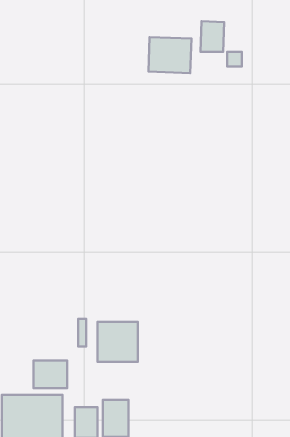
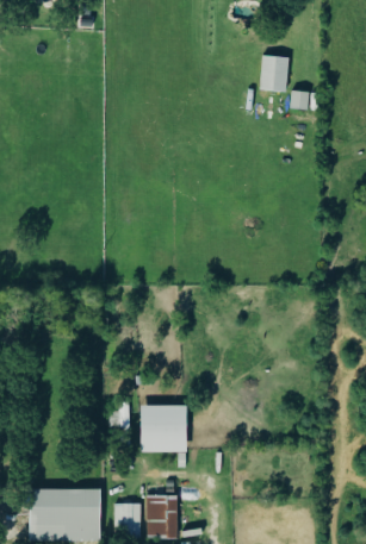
building: [148,37,191,73] -> none
building: [34,361,67,388] -> none

